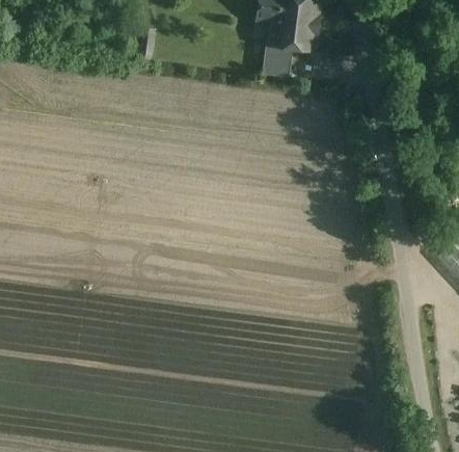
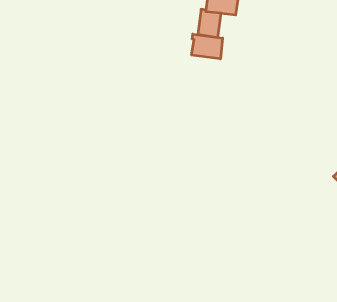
building: none -> [192,34,223,59]

